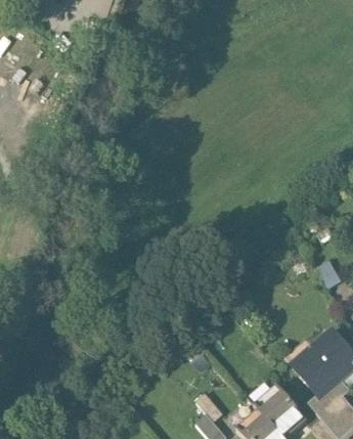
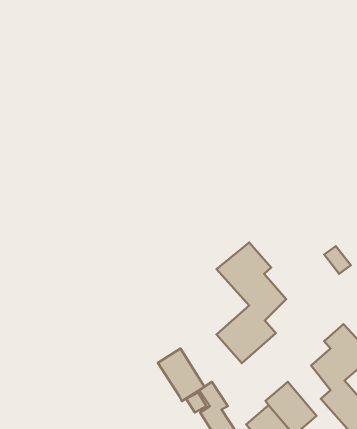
building: none -> [216,242,286,363]
building: none -> [158,348,204,401]

